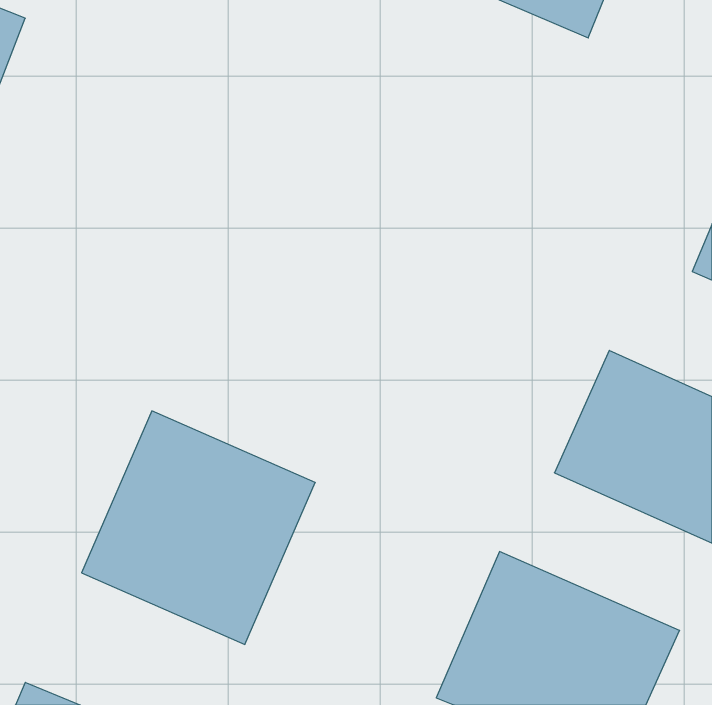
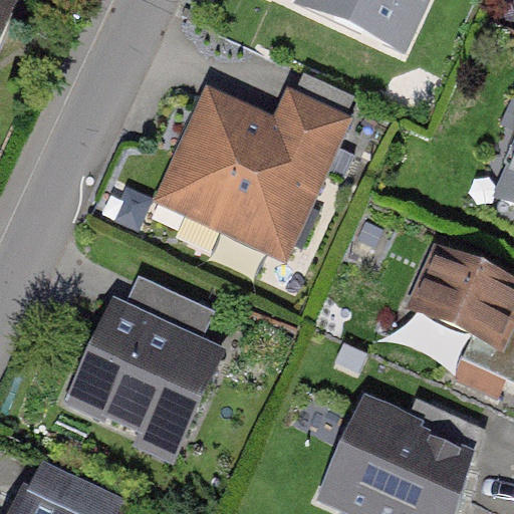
building: none -> [157,91,351,261]

